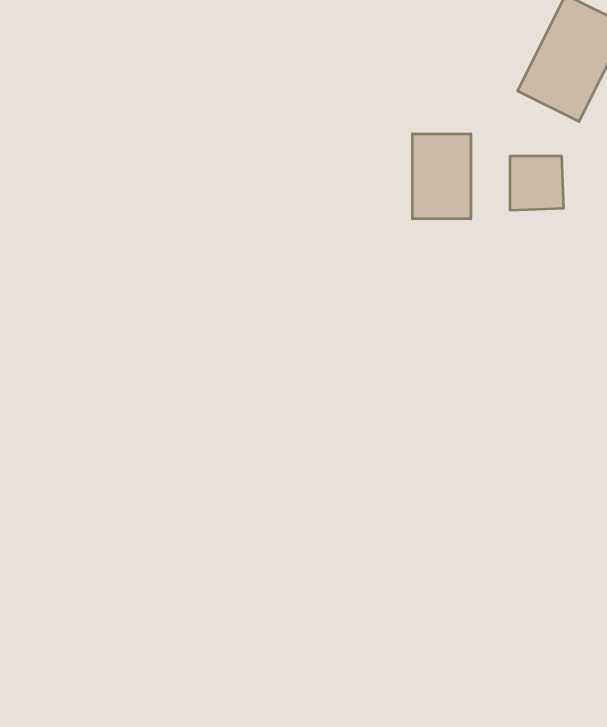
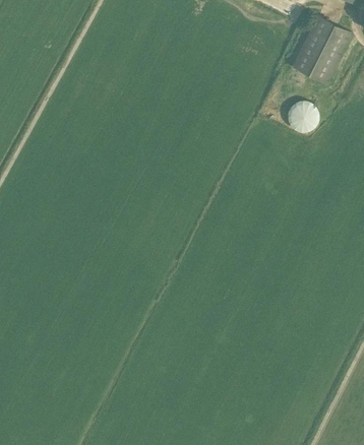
building: [412,134,471,219] -> none

